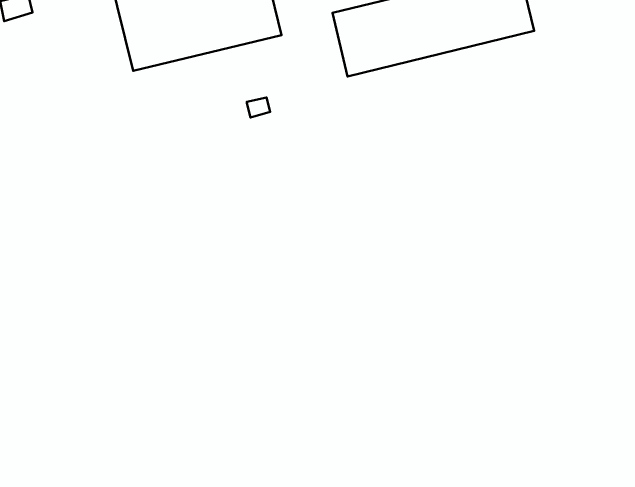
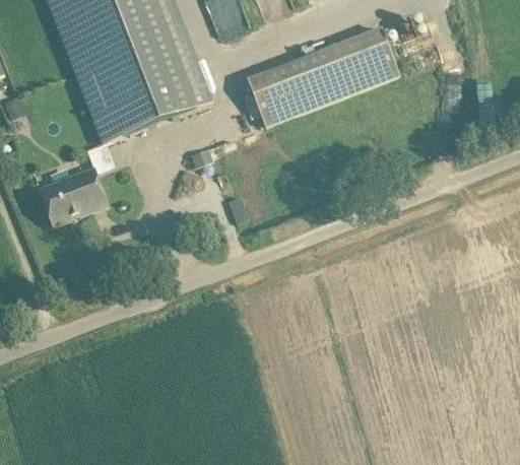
building: none -> [40,174,108,224]

